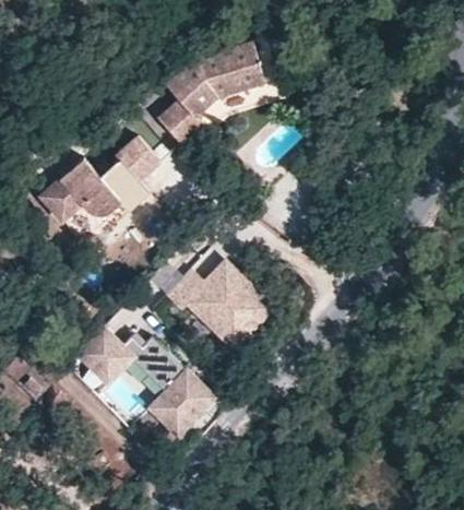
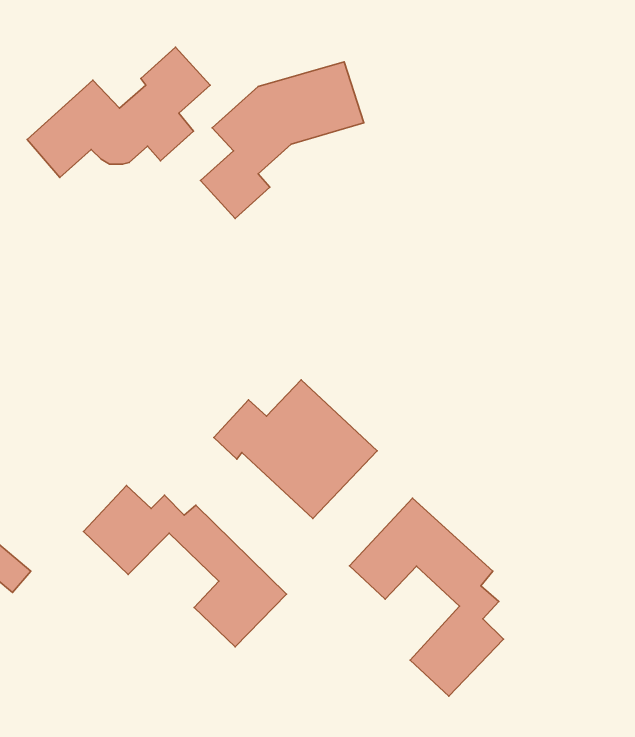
building: [37,137,158,223] -> [27,47,210,177]
building: none -> [350,498,504,696]

